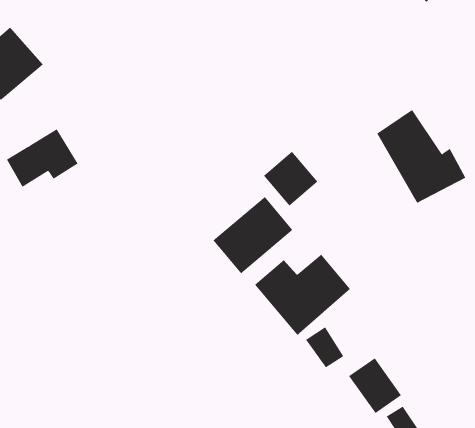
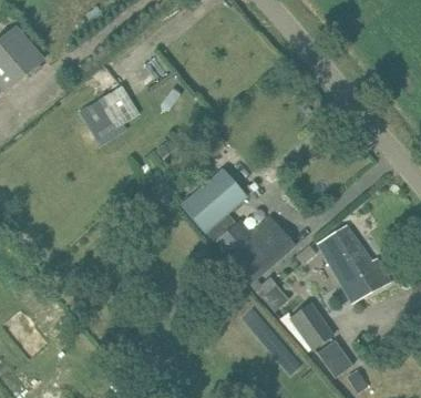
building: [376,109,466,203] -> [316,224,390,302]
building: [6,129,79,188] -> [78,83,137,132]
building: [263,151,318,207] -> none

